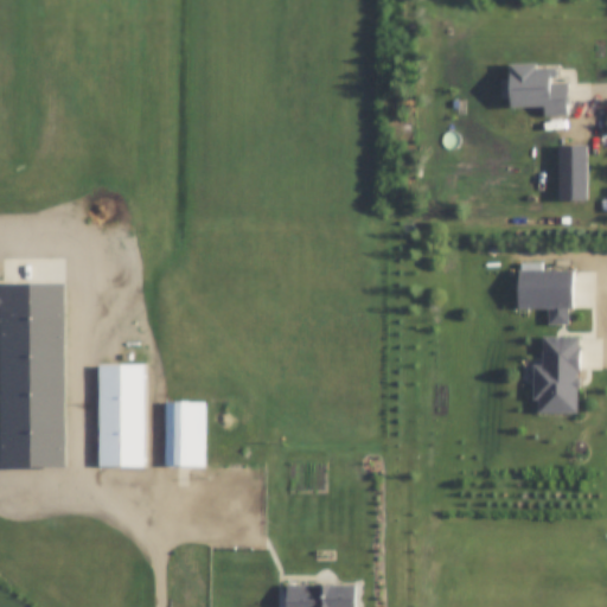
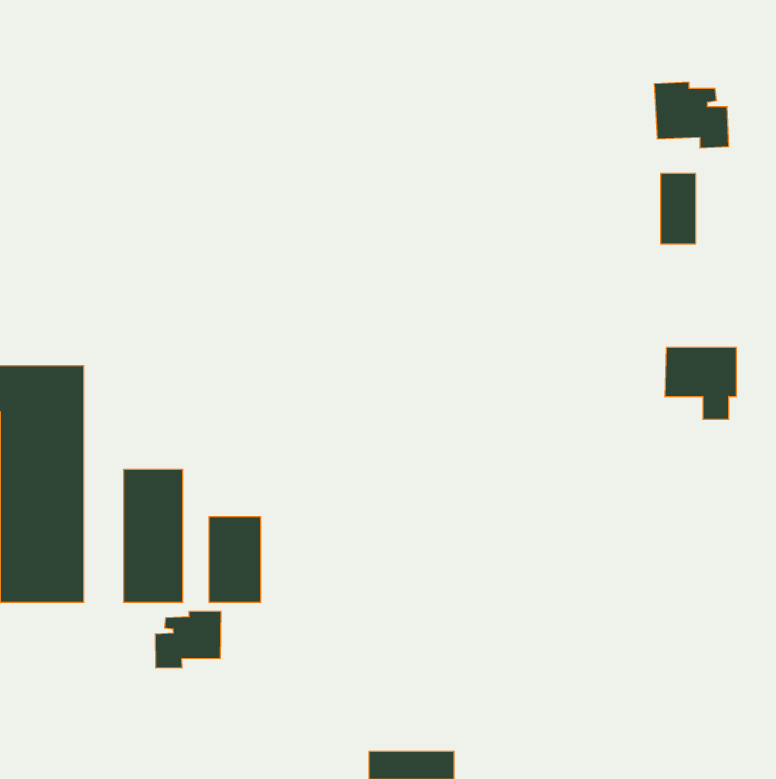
building: [557,146,584,200] -> [661,174,696,244]
building: [532,338,579,414] -> none
building: none -> [156,611,221,668]

